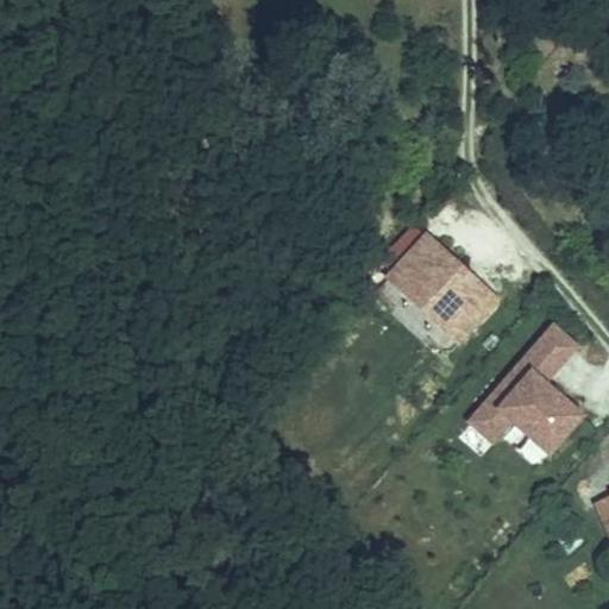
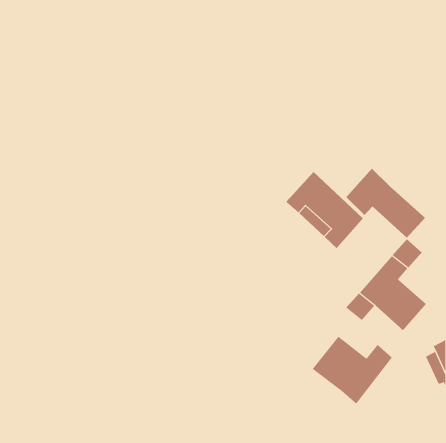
building: none -> [345,168,426,239]
building: none -> [312,336,393,405]

